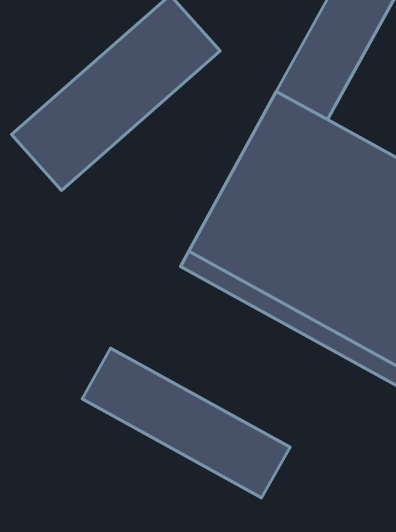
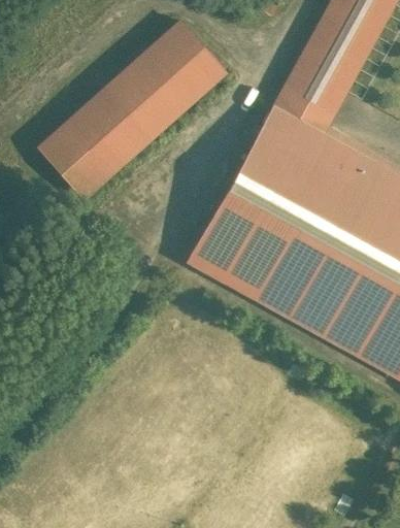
building: [82,348,290,498] -> none

